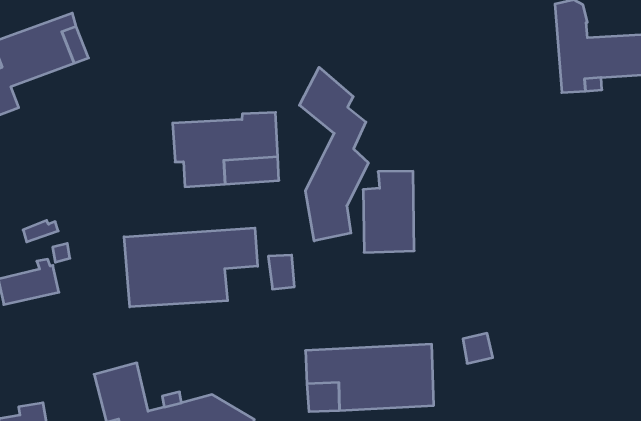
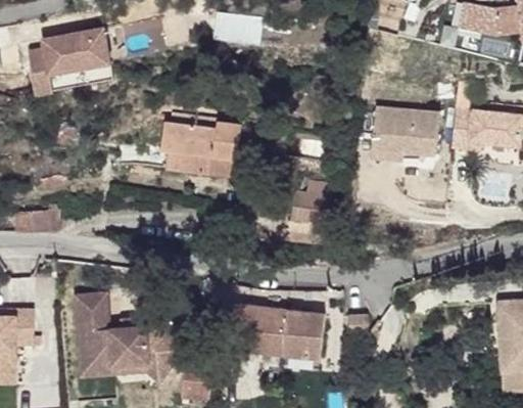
building: none -> [371,106,439,160]
building: [299,67,368,241] -> none
building: [124,228,258,307] -> none

